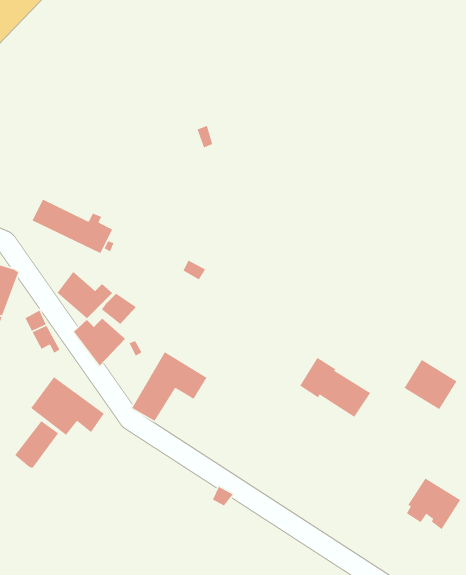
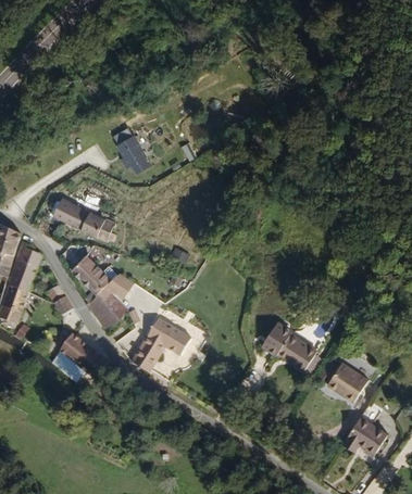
building: none -> [115,132,148,169]
building: [403,359,458,410] -> [326,362,369,402]
building: [14,420,59,469] -> none

